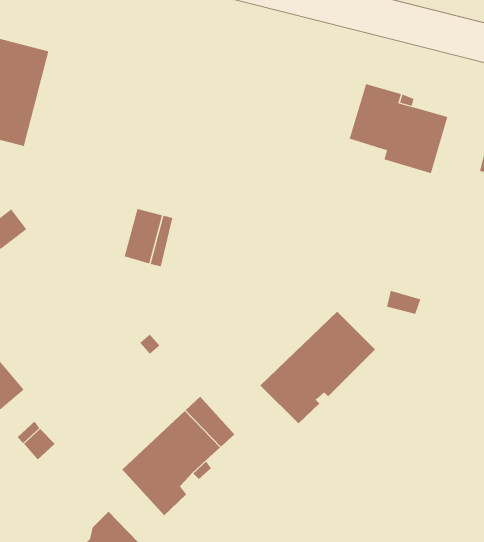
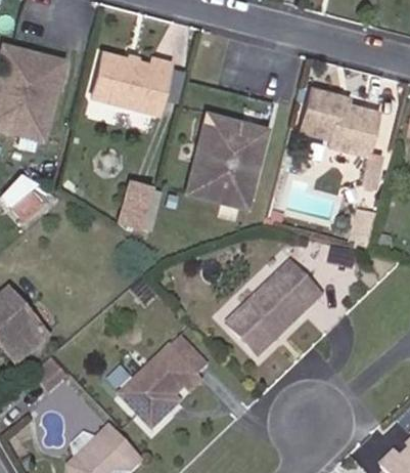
building: none -> [92,56,173,117]
building: none -> [187,113,271,208]

